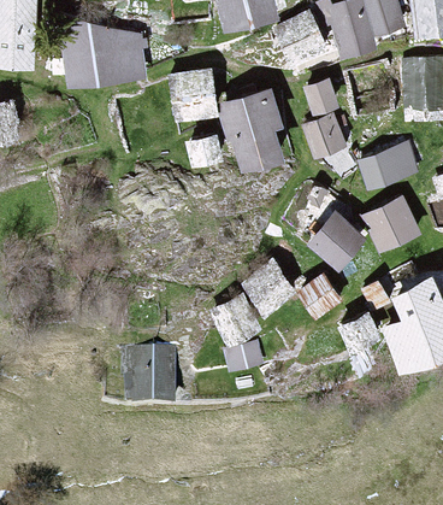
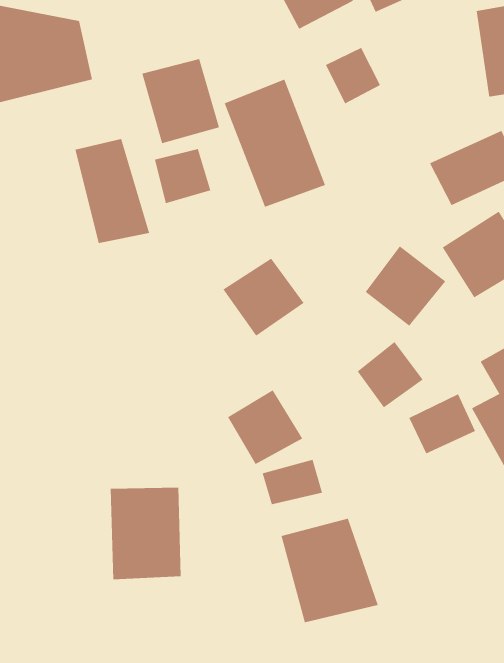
building: [302,113,348,159] -> none
building: none -> [75,138,150,244]
building: [242,264,295,315] -> [222,258,305,336]
building: none -> [281,518,379,623]

